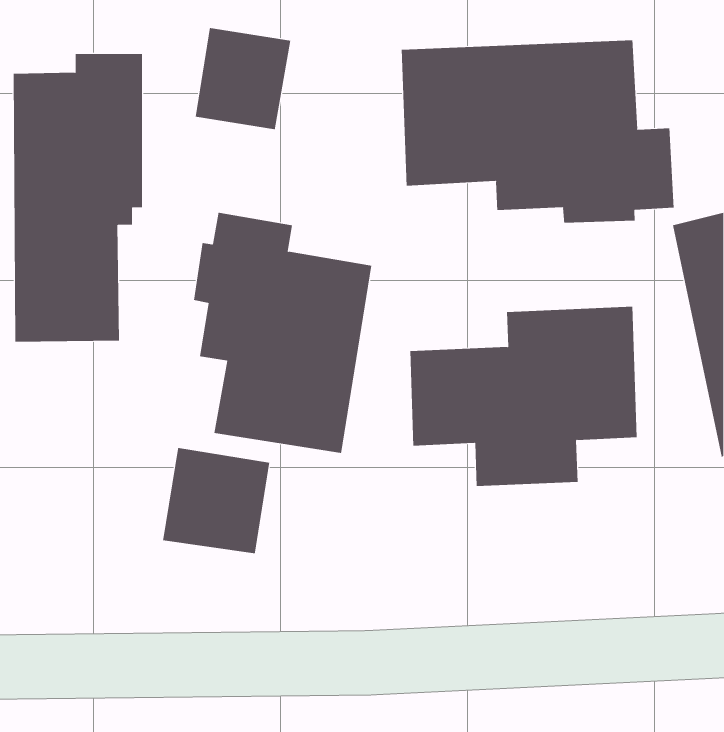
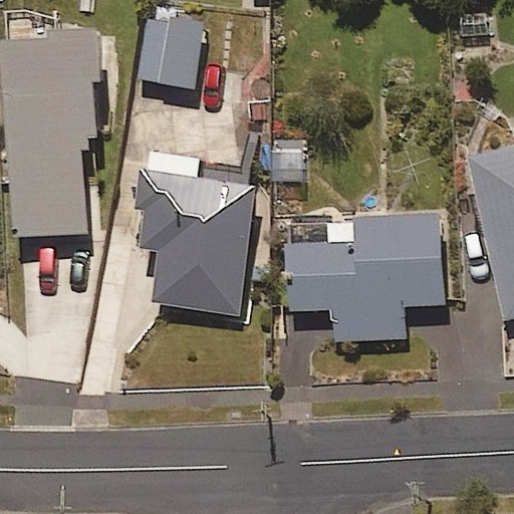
building: [401,39,674,223] -> none
building: [162,447,270,554] -> none

